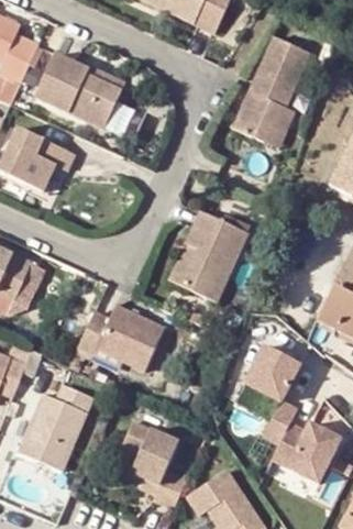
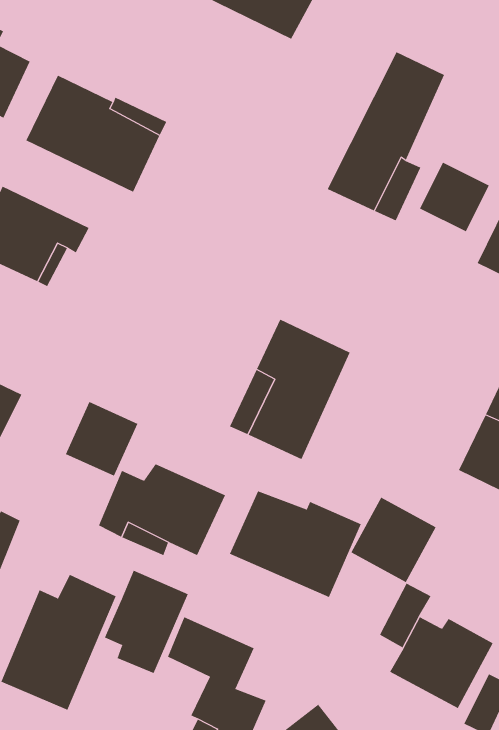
building: none -> [419,162,490,232]
building: none -> [65,401,138,477]
building: none -> [229,490,361,598]
building: none -> [104,570,189,674]

